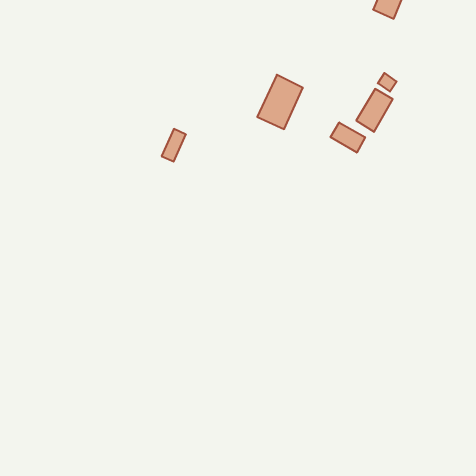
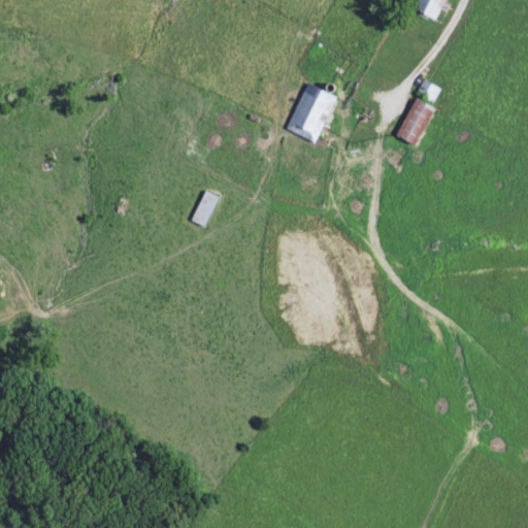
building: [331,122,365,153] -> none
building: [162,129,186,162] -> [192,191,219,227]

